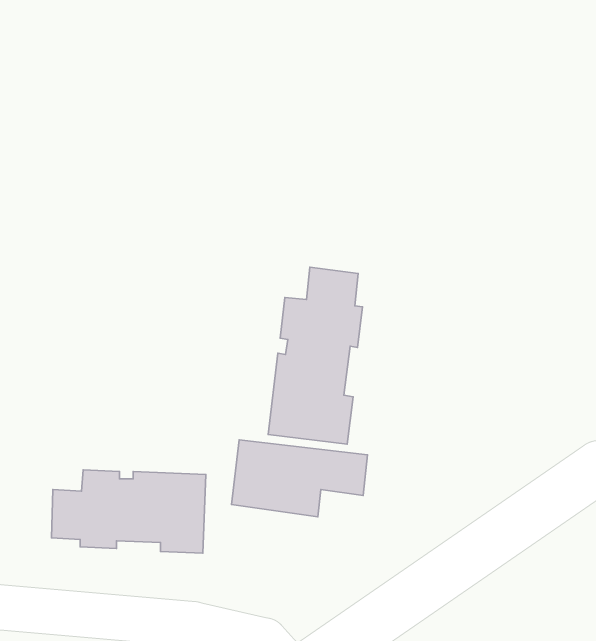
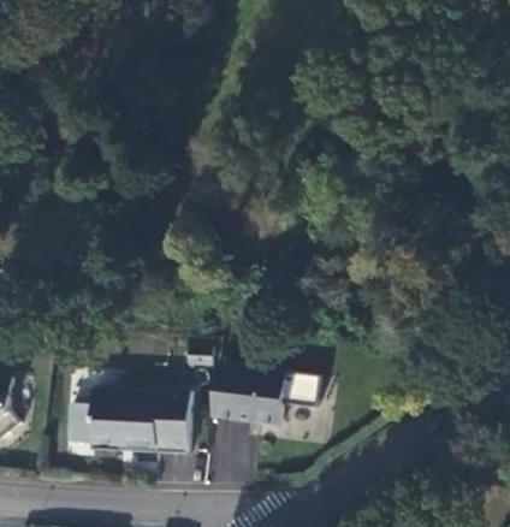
building: [268,267,362,444] -> none

